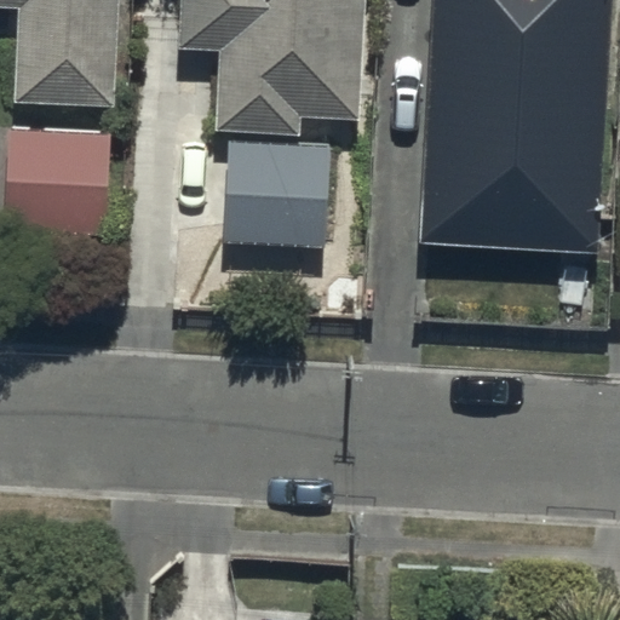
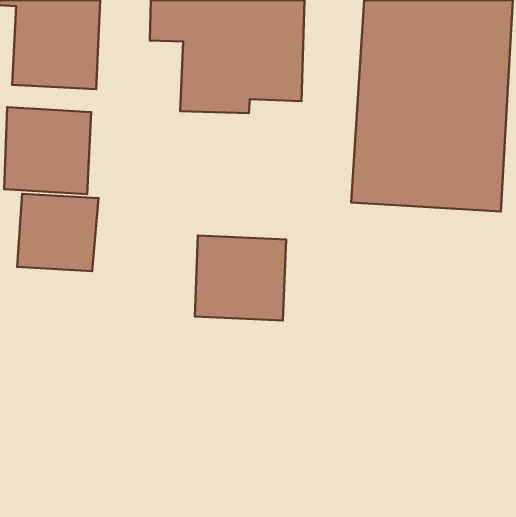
building: [220,144,329,246] -> [195,236,286,321]
building: none -> [17,194,98,271]

